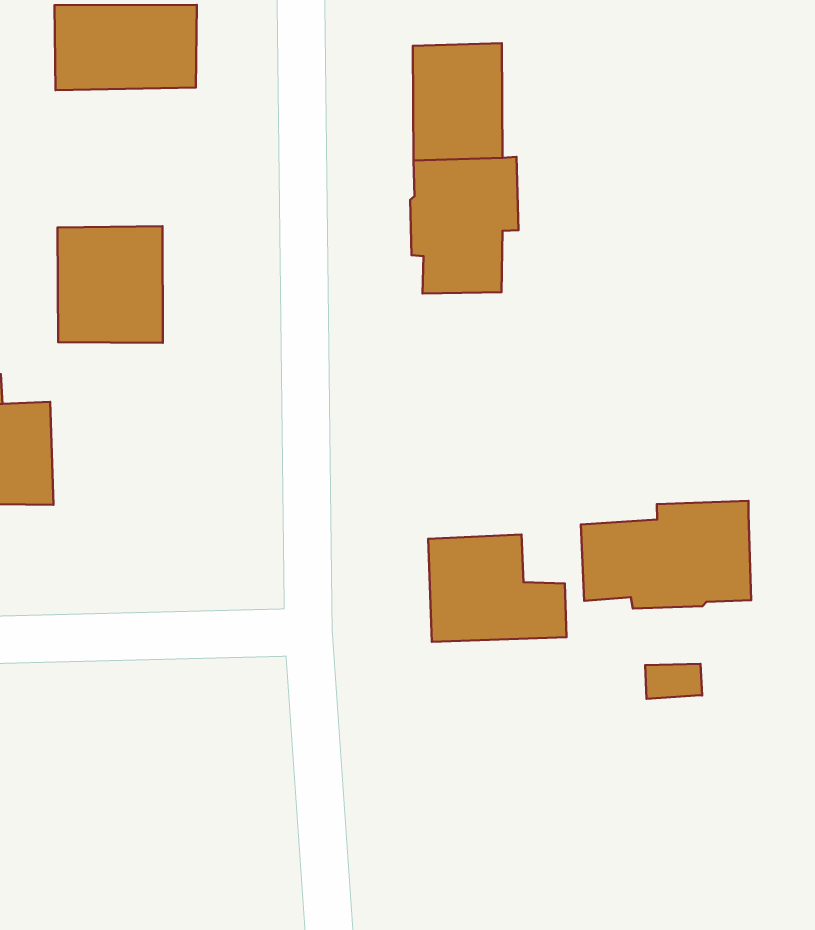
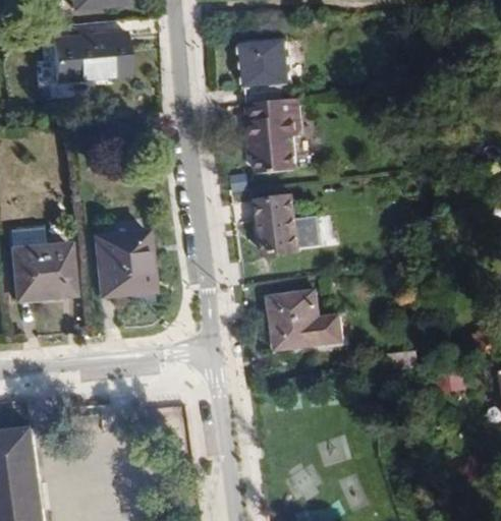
building: [58,226,163,343] -> [95,231,154,295]
building: none -> [257,198,321,252]
building: [581,501,751,609] -> none

